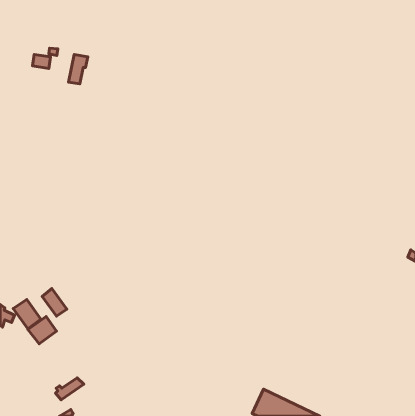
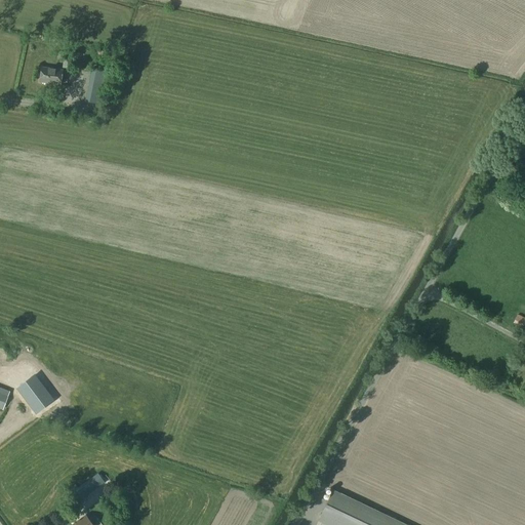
building: [42,288,67,316] -> none
building: [28,316,56,344] -> none

